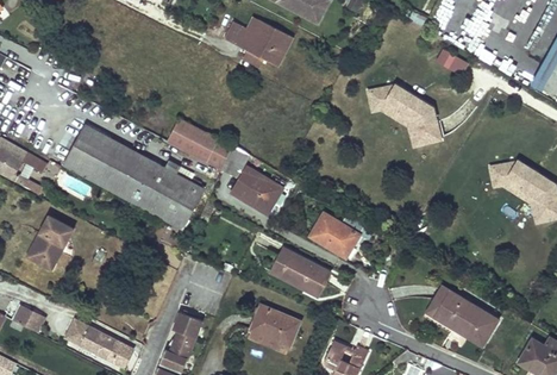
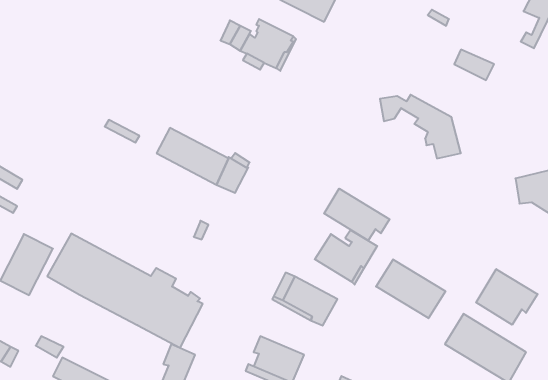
building: [64,126,204,229] -> [47,234,203,348]
building: [231,167,282,214] -> none
building: none -> [324,189,390,241]
building: none -> [376,259,445,318]
building: none -> [476,269,538,325]

